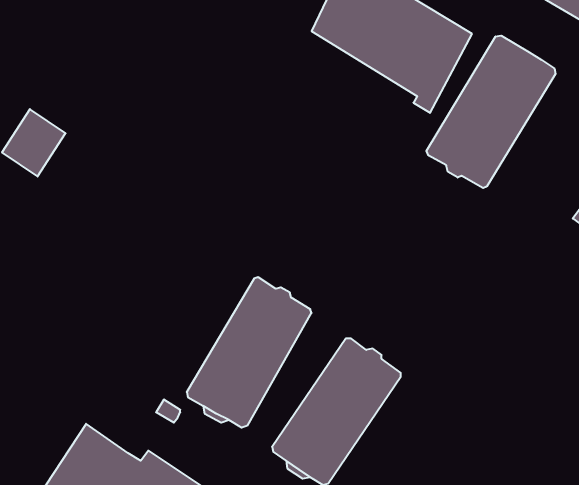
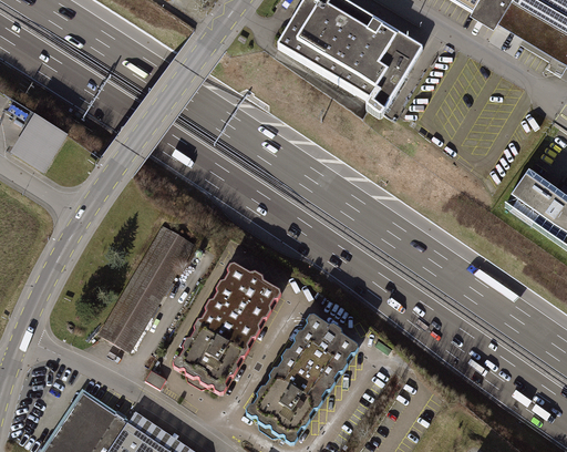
building: [426,36,555,188] -> none
building: none -> [101,226,197,351]

